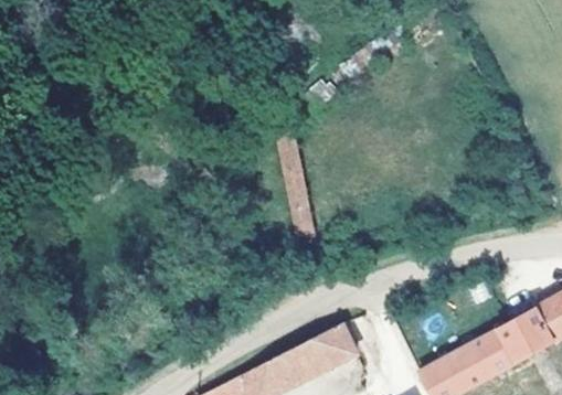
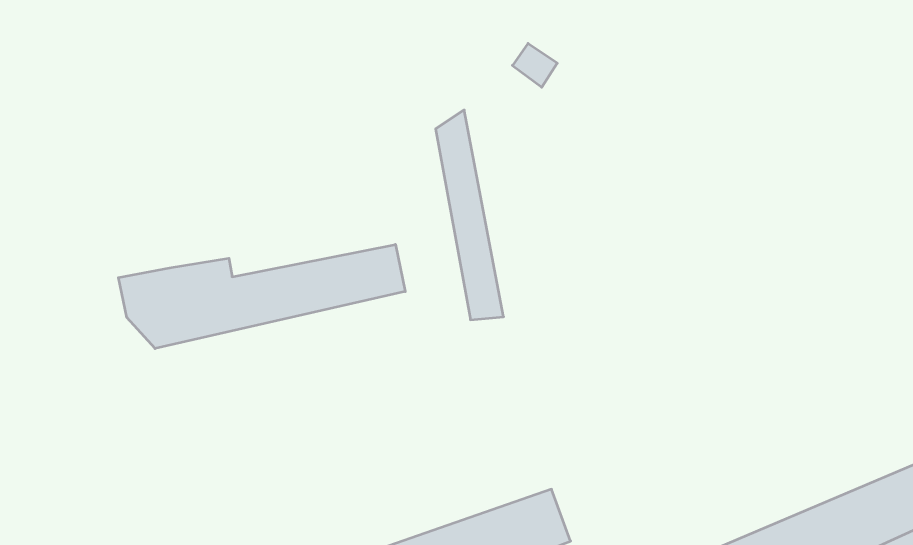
building: none -> [118,244,405,349]

